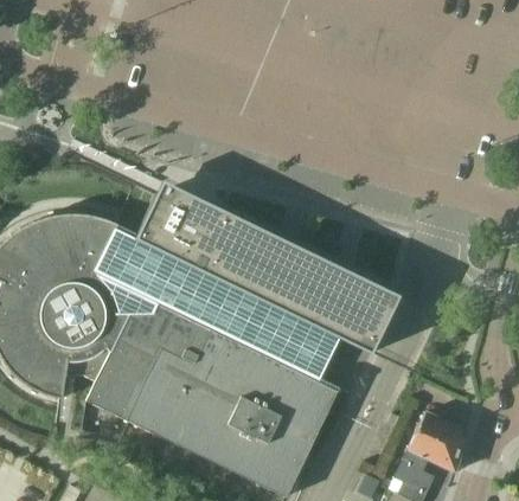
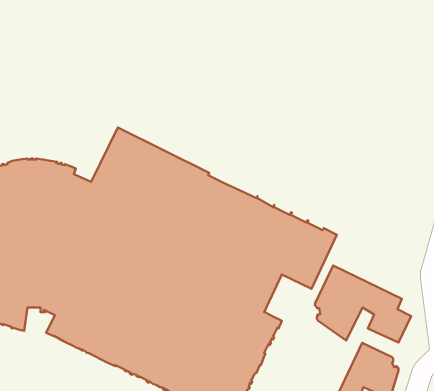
building: none -> [315,265,411,342]

